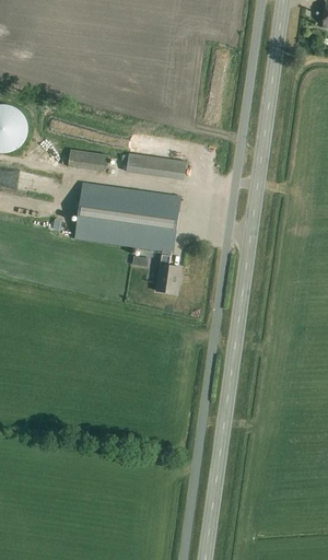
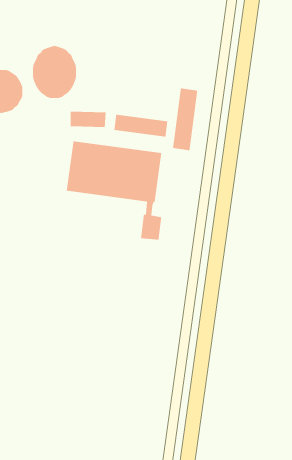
building: none -> [32,45,77,99]
building: none -> [172,88,198,151]

